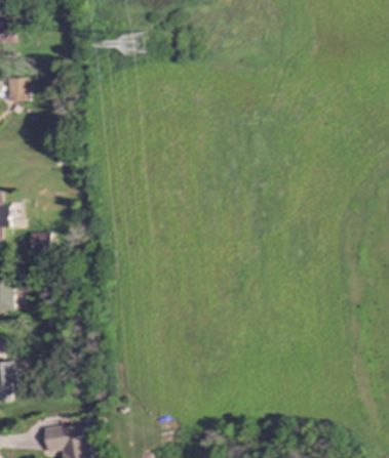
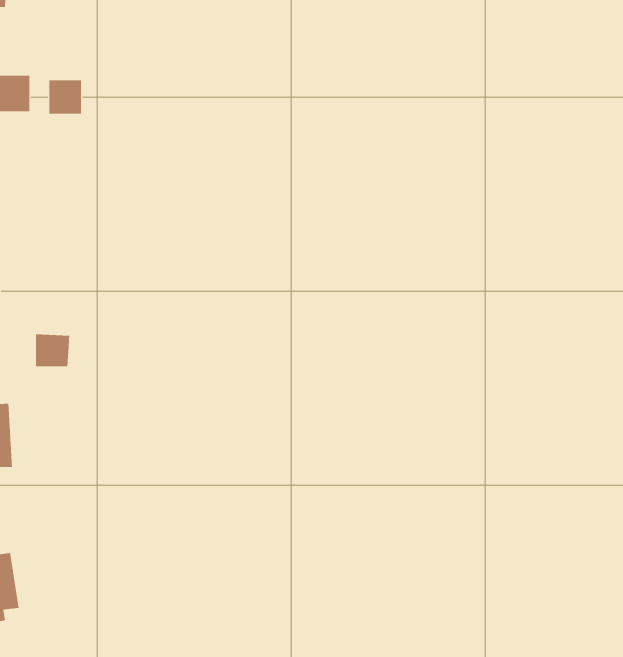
building: none -> [49,80,82,115]

